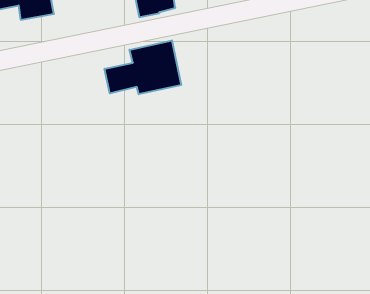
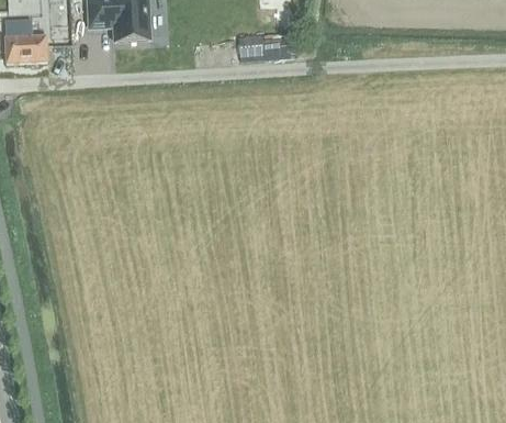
building: [105,40,181,94] -> none

